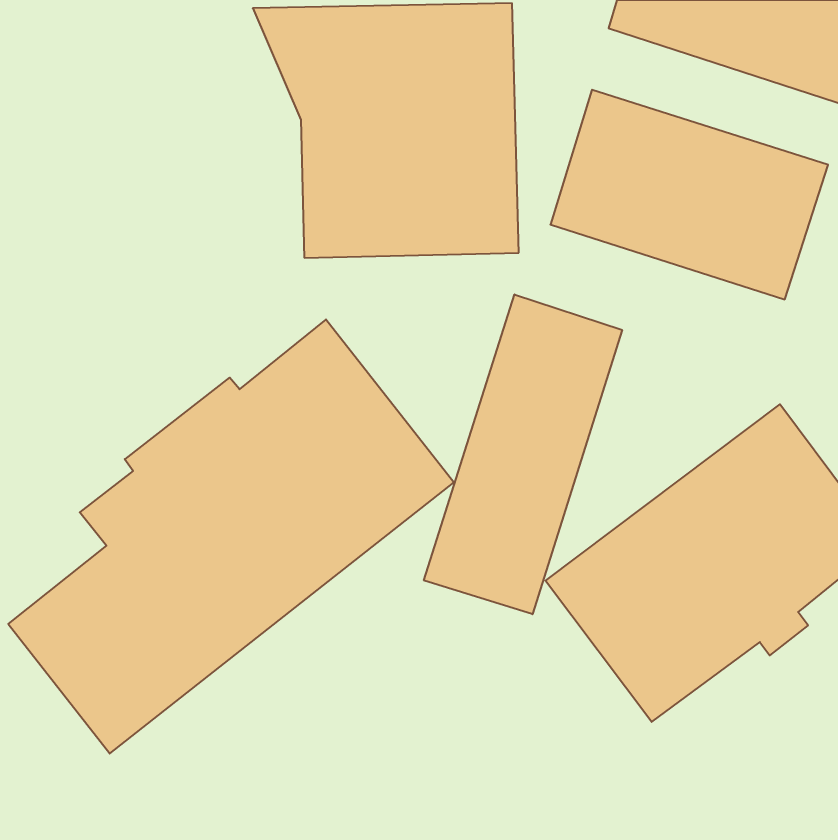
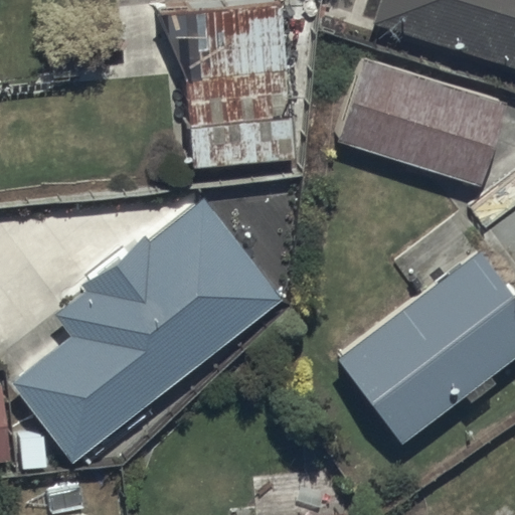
building: [424,294,622,614] -> none

